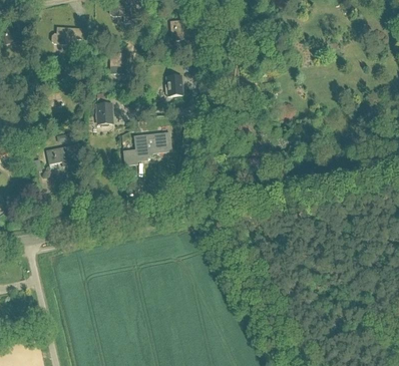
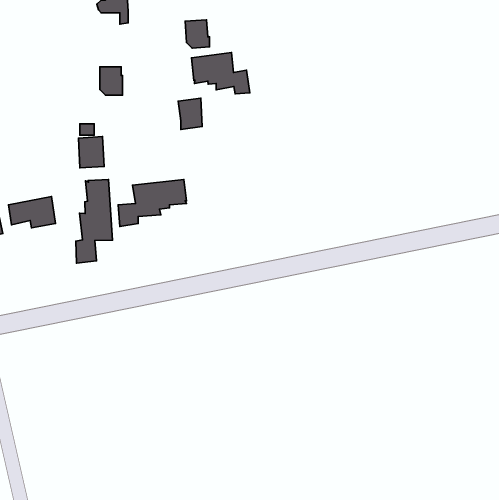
building: [50,27,80,44] -> none
building: none -> [192,53,250,94]
building: none -> [76,179,112,263]

